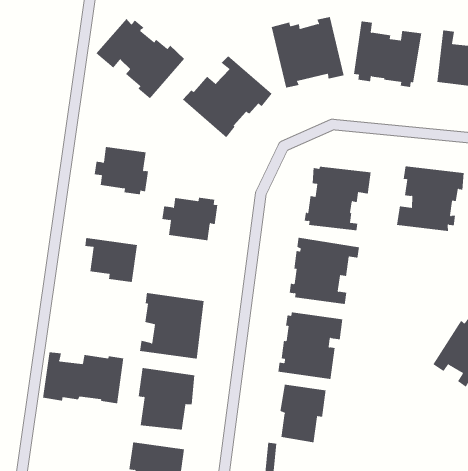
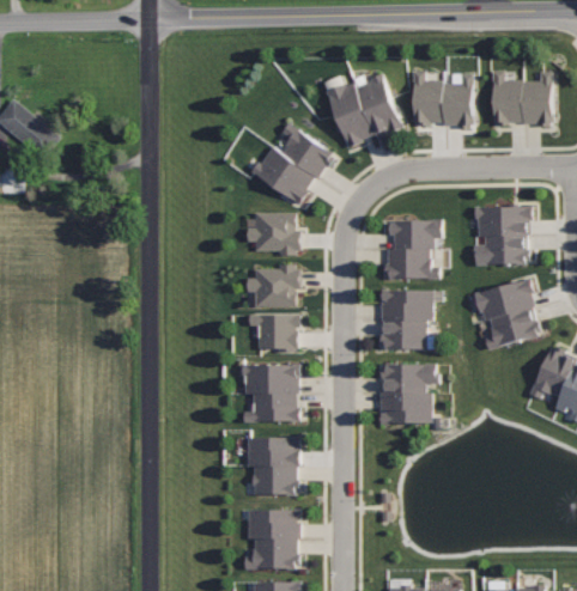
building: [96,18,185,99] -> none
building: [94,146,149,195] -> [247,212,299,254]
building: [84,238,138,283] -> [248,315,299,352]
building: none -> [470,275,540,348]
building: [43,352,124,404] -> none
building: [280,384,326,443] -> none

